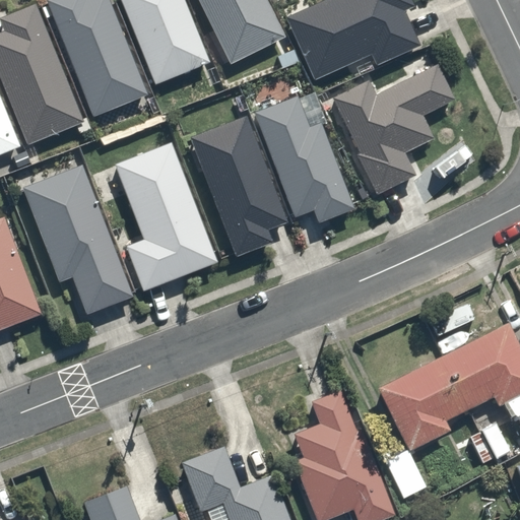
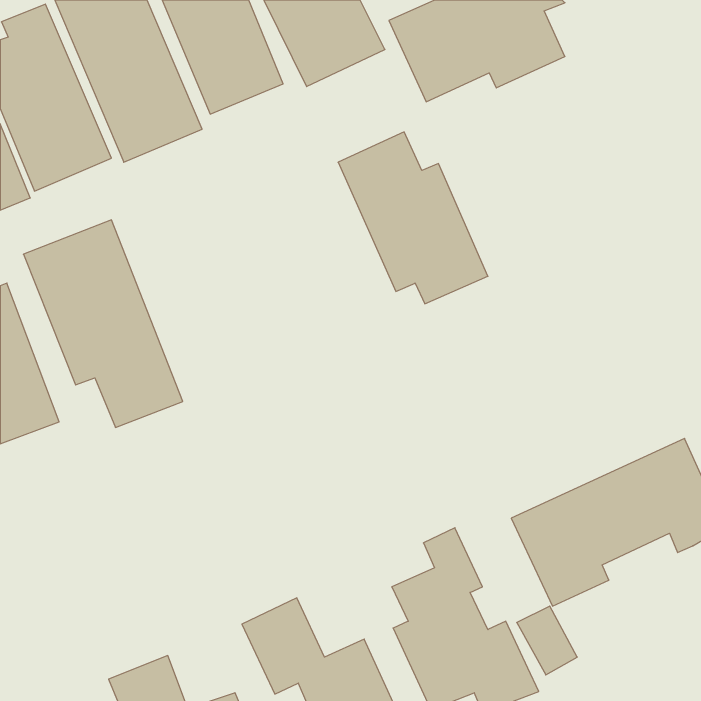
building: [329,67,454,196] -> none
building: [188,114,289,258] -> none
building: [110,142,220,291] -> none

